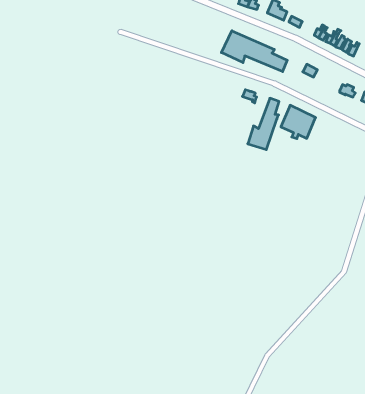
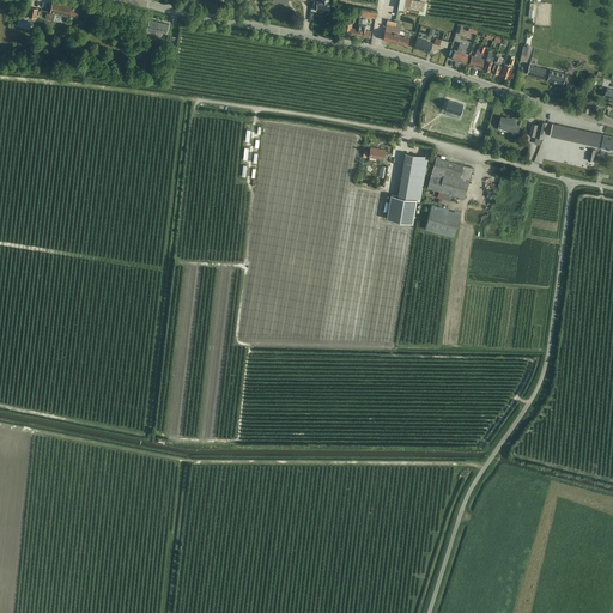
building: [221,31,287,72] -> none
building: none -> [426,207,461,237]

